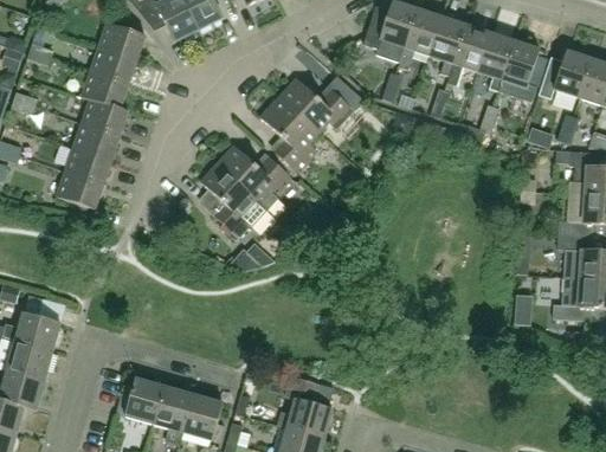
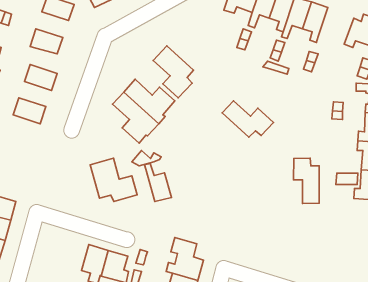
building: [497,40,539,102] -> none
building: [89,46,136,84] -> none
building: [279,78,354,131] -> [222,101,273,137]
building: [80,99,128,136] -> none
building: [64,148,111,185] -> none
building: none -> [294,158,319,204]
building: none -> [90,158,137,202]
building: none -> [144,163,172,202]
building: [124,377,166,424] -> none

